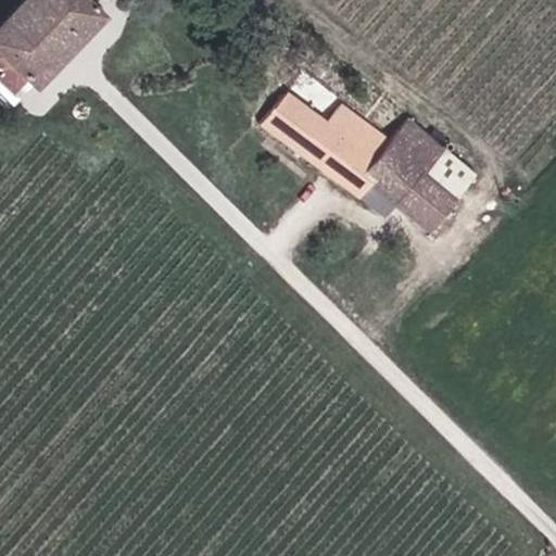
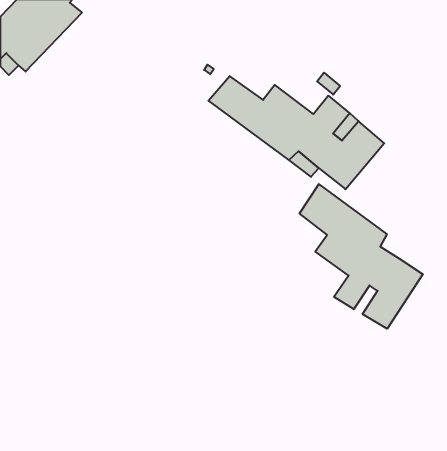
building: none -> [300,184,423,329]

